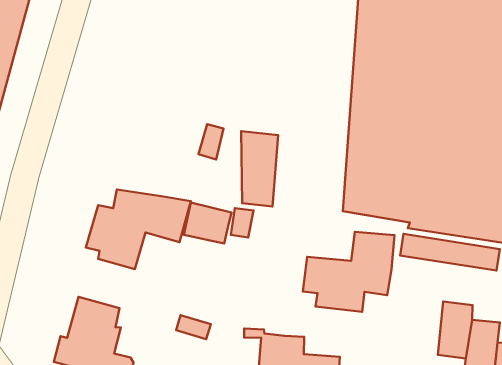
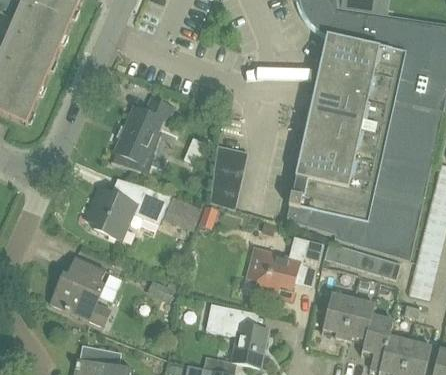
building: none -> [111,96,173,170]
building: none -> [322,288,353,337]

